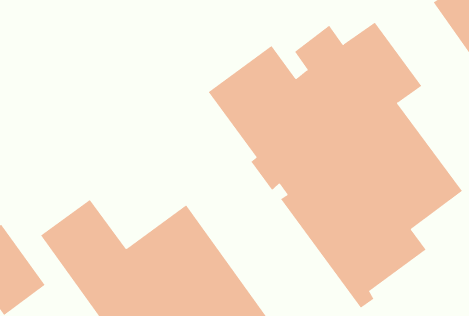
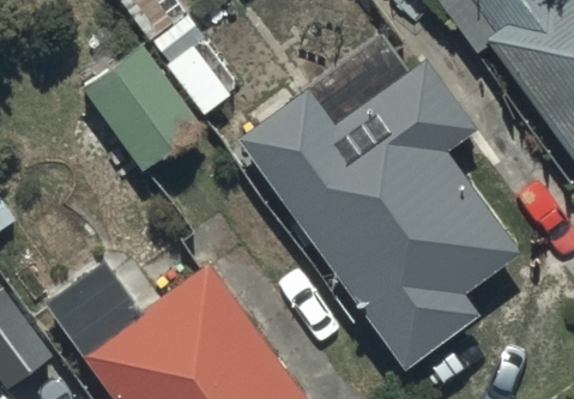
building: none -> [83,41,209,174]

